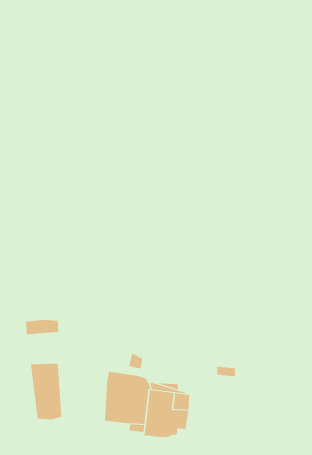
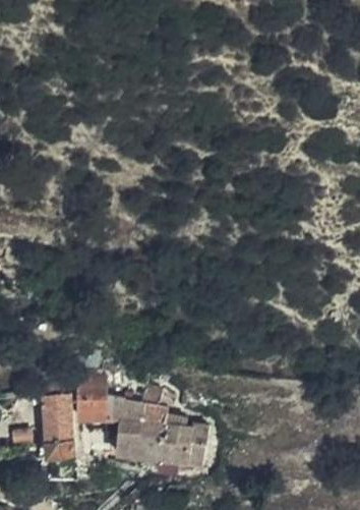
building: none -> [76,380,122,418]

